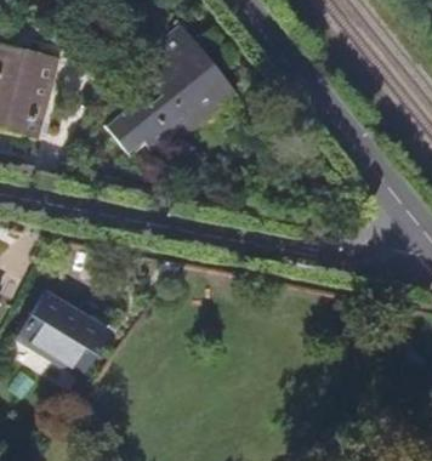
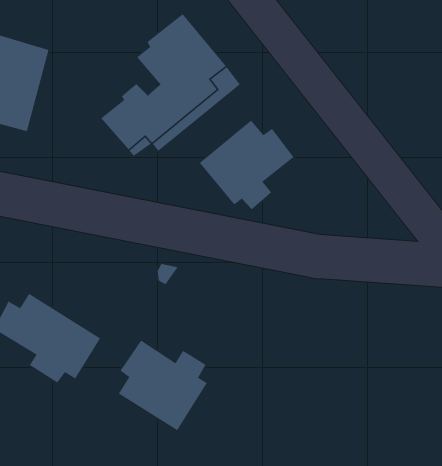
building: none -> [199,119,295,210]
building: none -> [118,340,208,431]

